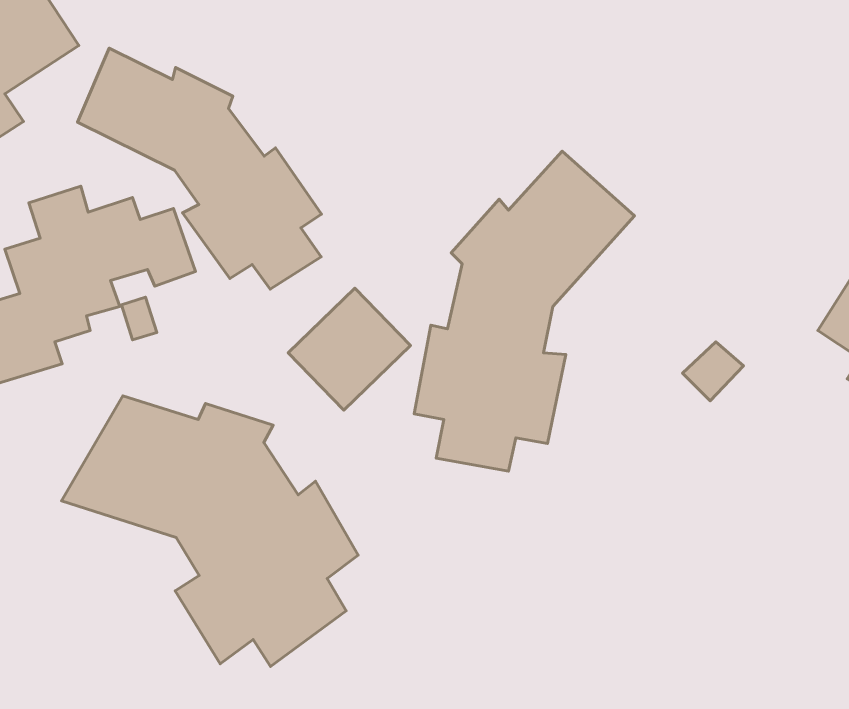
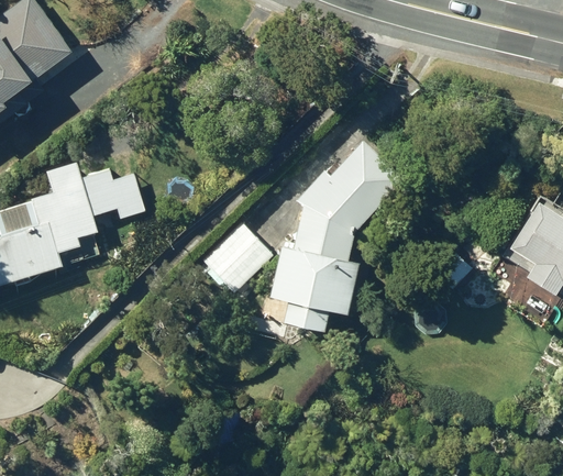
building: [78,48,322,289] -> none
building: [62,396,358,666] -> none

